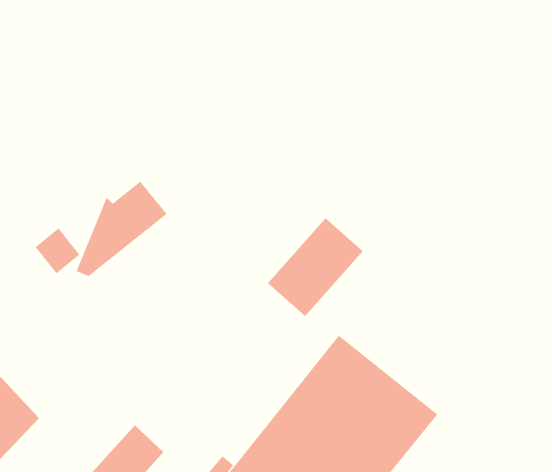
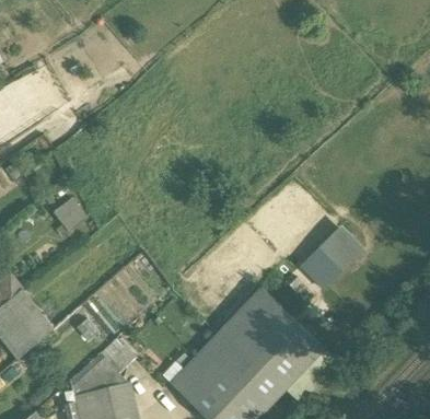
building: [76,181,167,277] -> none
building: [267,217,364,317] -> [302,224,370,291]

